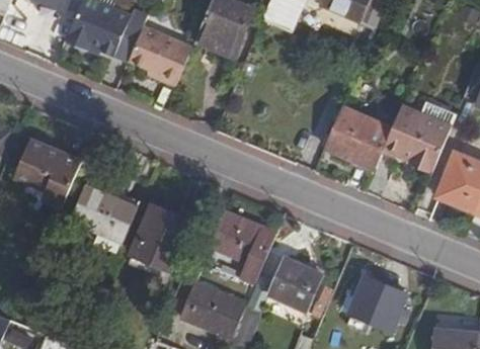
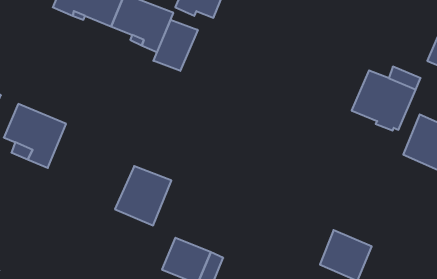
building: none -> [153,20,198,71]
building: [325,106,391,167] -> none
building: [73,188,137,240] -> none
building: [210,212,275,285] -> none
building: [268,256,320,307] -> none

